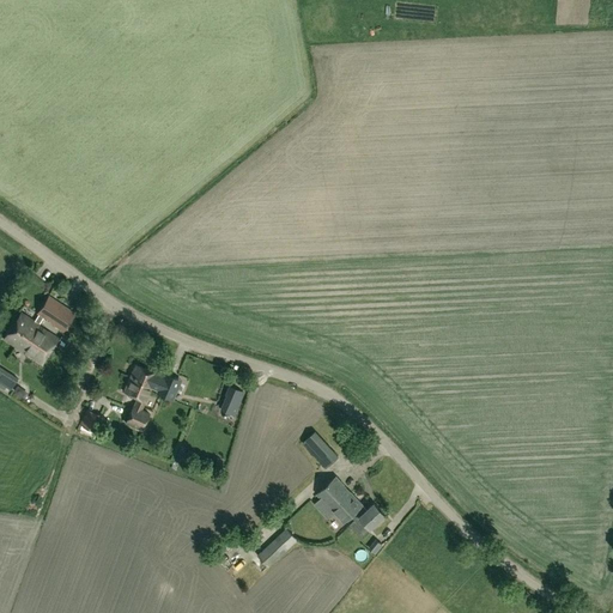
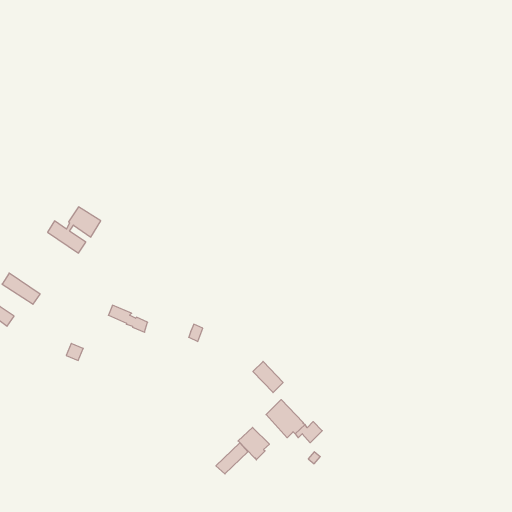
building: [11,297,74,352] -> [48,207,101,253]
building: [122,377,151,431] -> none
building: none -> [238,427,269,460]

